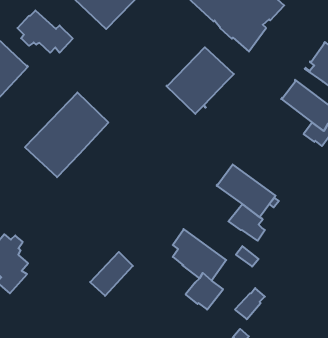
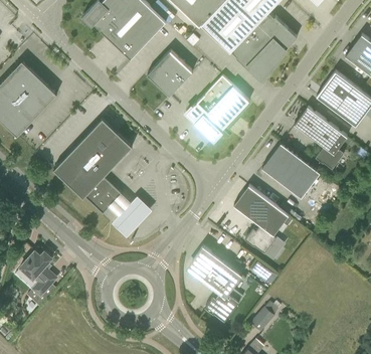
building: [17,10,73,53] -> none
building: none -> [147,50,192,97]
building: none -> [261,144,320,198]
building: none -> [84,177,122,215]
building: [90,252,133,296] -> [110,199,150,240]

